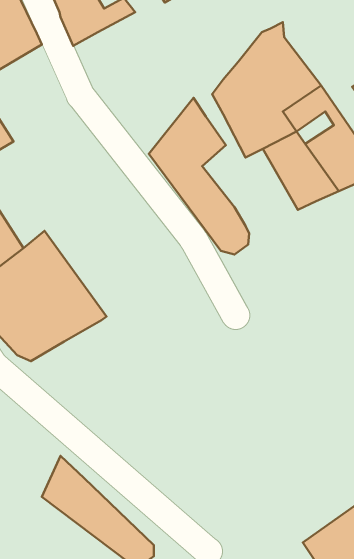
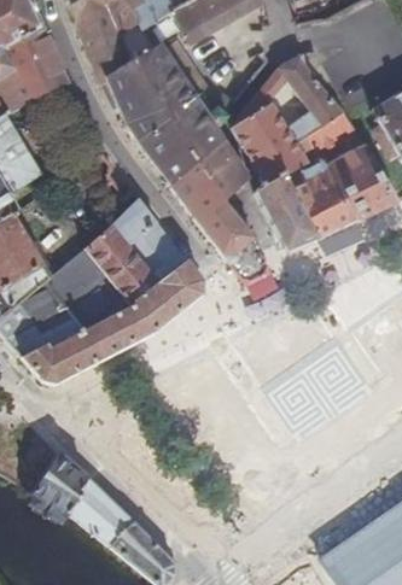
building: none -> [99,47,235,185]
building: none -> [256,180,317,253]
building: none -> [71,198,203,343]
building: none -> [39,452,87,517]

